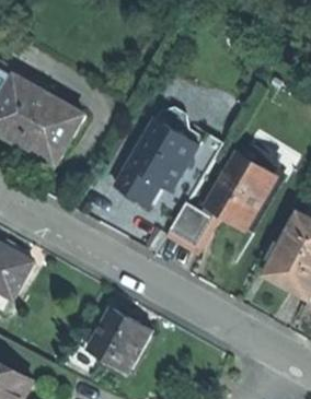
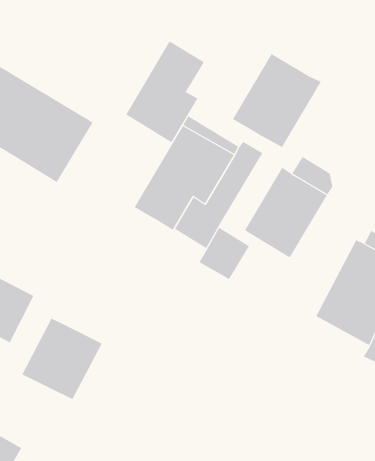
building: none -> [126,41,204,143]
building: none -> [232,53,321,148]
building: [83,304,149,371] -> [22,318,102,400]

